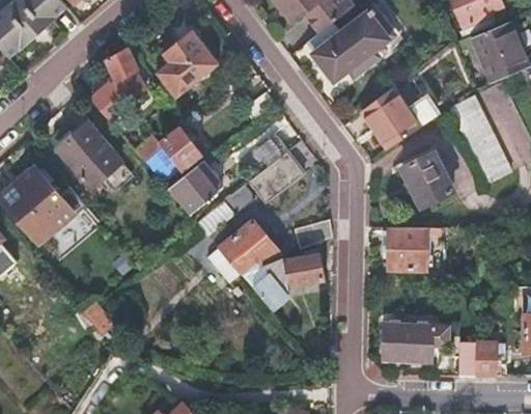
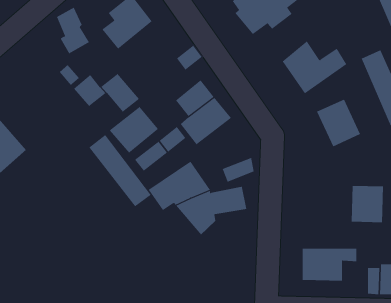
building: [56,120,120,186] -> none
building: none -> [89,134,152,207]
building: [388,228,425,271] -> [351,185,384,223]

